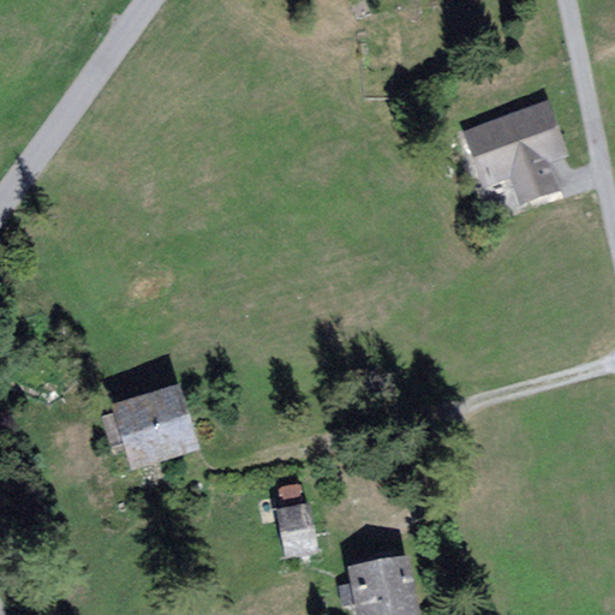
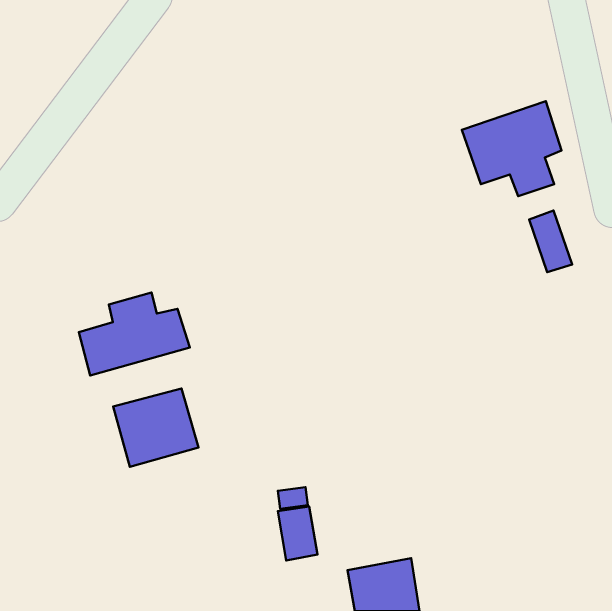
building: none -> [529,210,572,272]
building: none -> [79,292,190,375]

